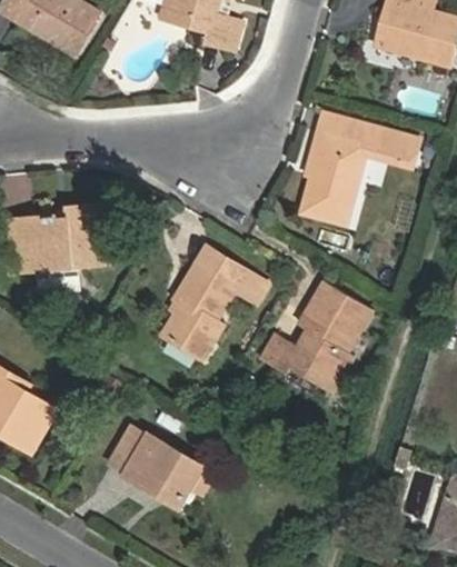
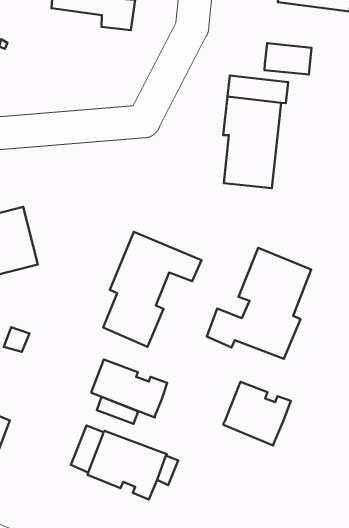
building: [370,125,419,161] -> [264,43,311,75]
building: none -> [91,360,167,417]
building: none -> [223,382,291,446]

